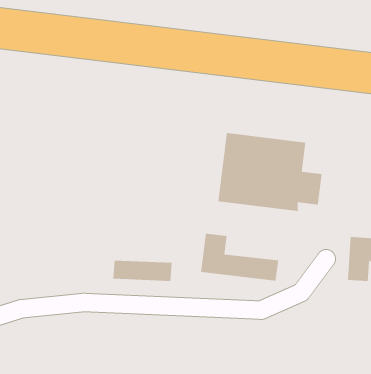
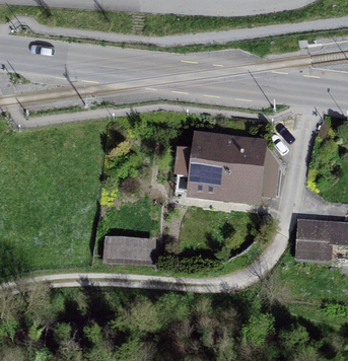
building: [200,233,279,281] -> none

